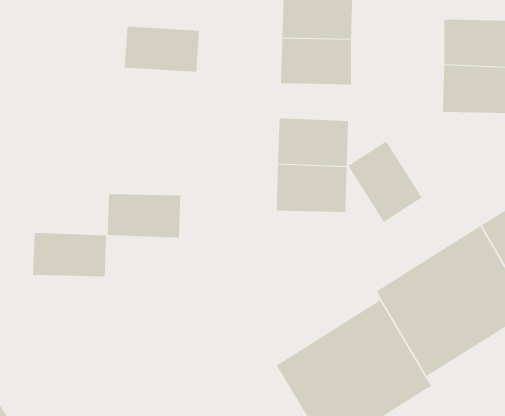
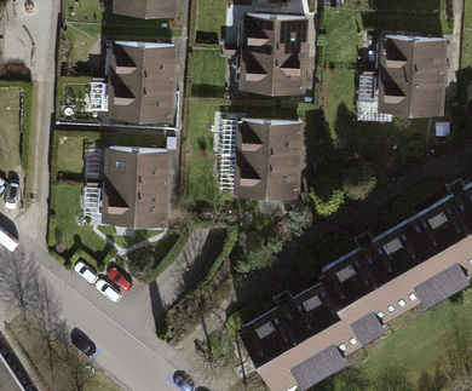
building: none -> [110,80,174,120]
building: [348,141,422,223] -> none
building: [32,232,107,277] -> [99,150,162,188]

